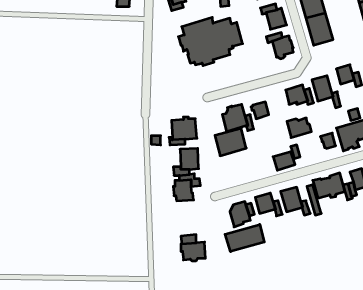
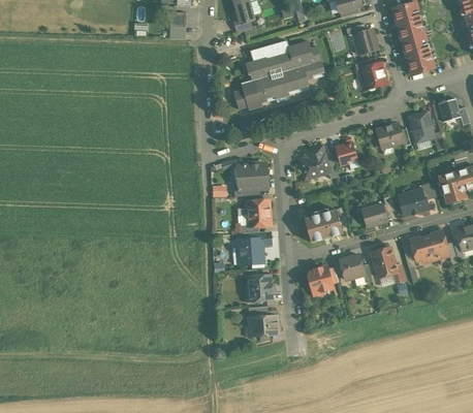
building: none -> [233,80,266,109]
building: [287,118,311,138] -> [398,192,428,216]
building: [215,129,246,156] -> [304,210,342,243]
building: none -> [247,275,274,301]
building: [225,224,264,252] -> none

